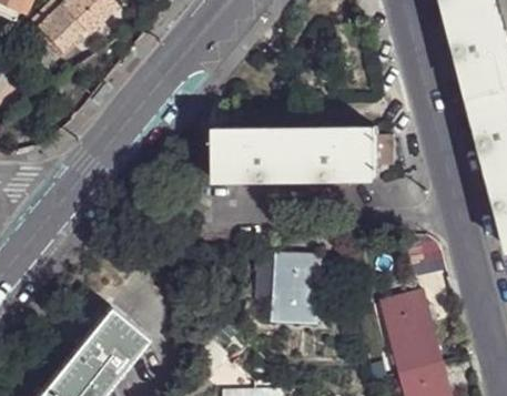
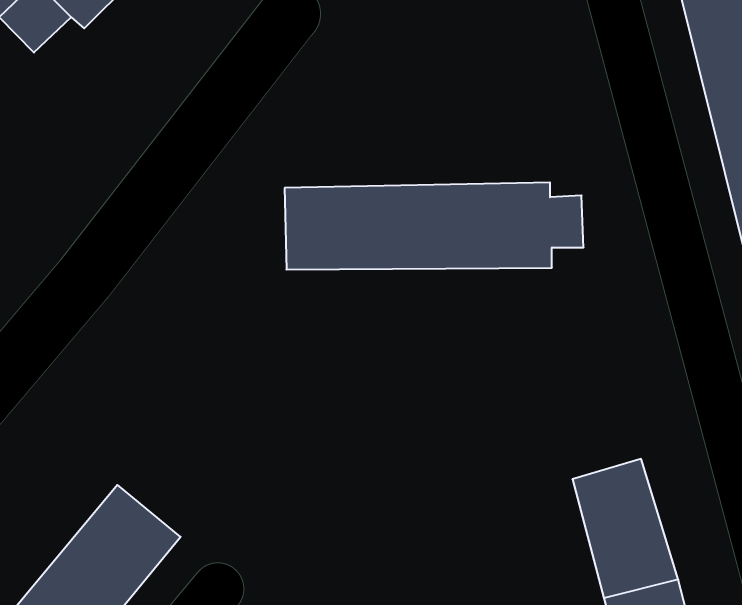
building: [270,254,316,321] -> none

